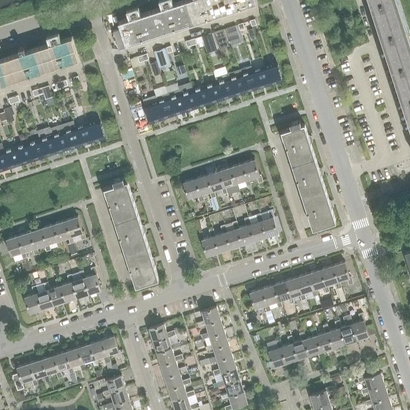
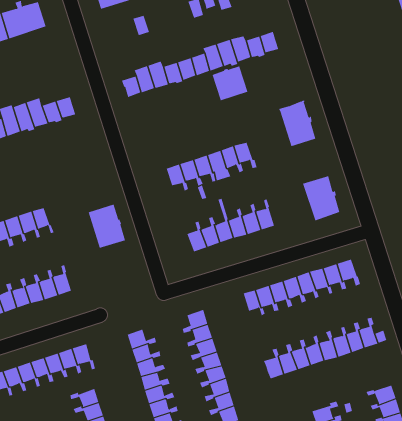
building: none -> [212,66,248,101]
building: [290,158,323,197] -> none
building: [102,181,136,222] -> none
building: [123,247,156,287] -> none

